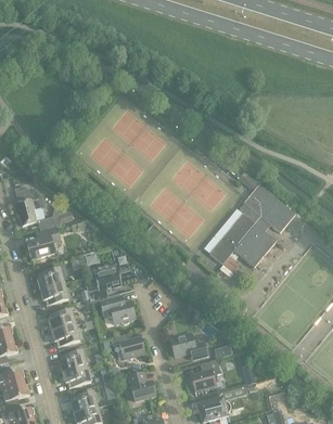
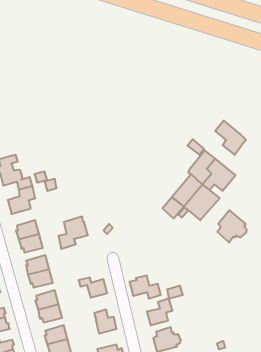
building: none -> [215,121,246,155]
building: none -> [217,210,247,243]
building: [98,295,133,322] -> none

